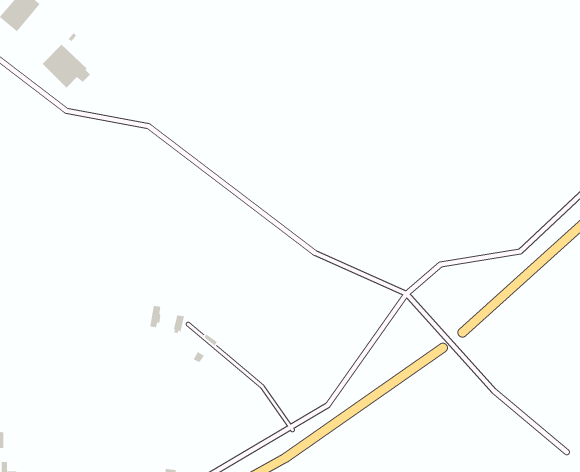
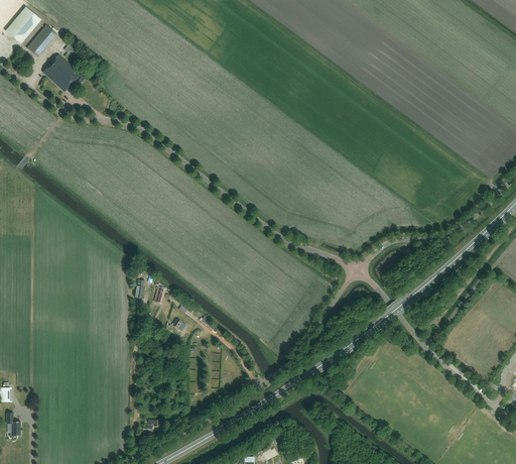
building: none -> [26,24,56,56]

